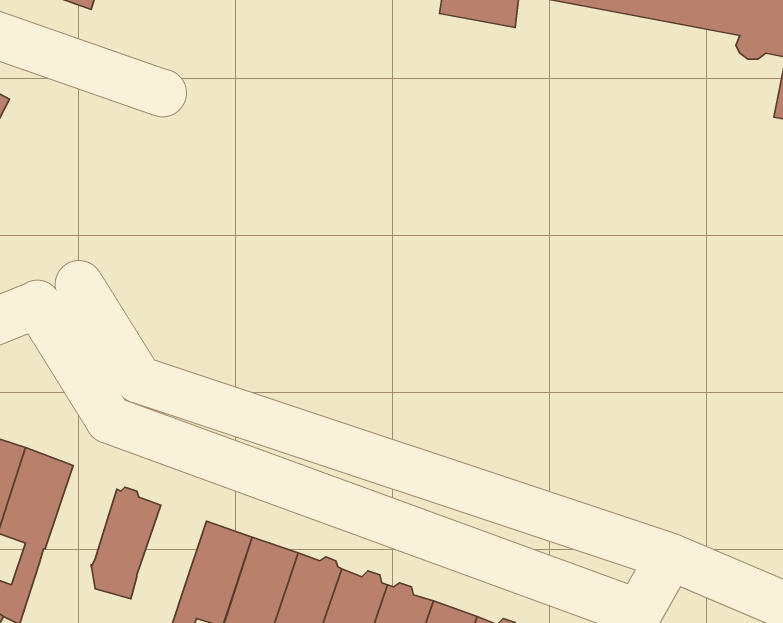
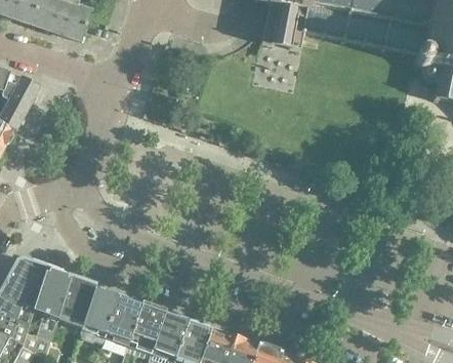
building: none -> [56,275,94,327]
building: none -> [104,295,139,340]

